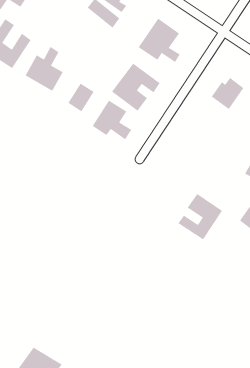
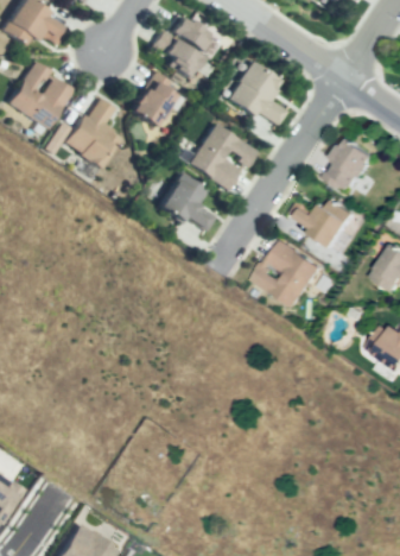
building: [68,83,94,112] -> [139,80,177,121]
building: none -> [291,202,348,245]
building: [178,193,223,240] -> [256,240,320,307]

